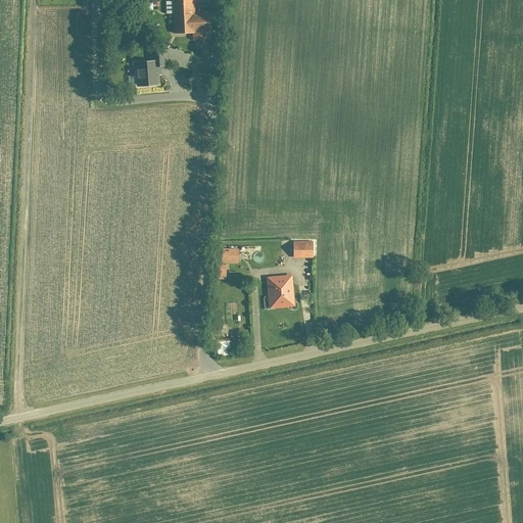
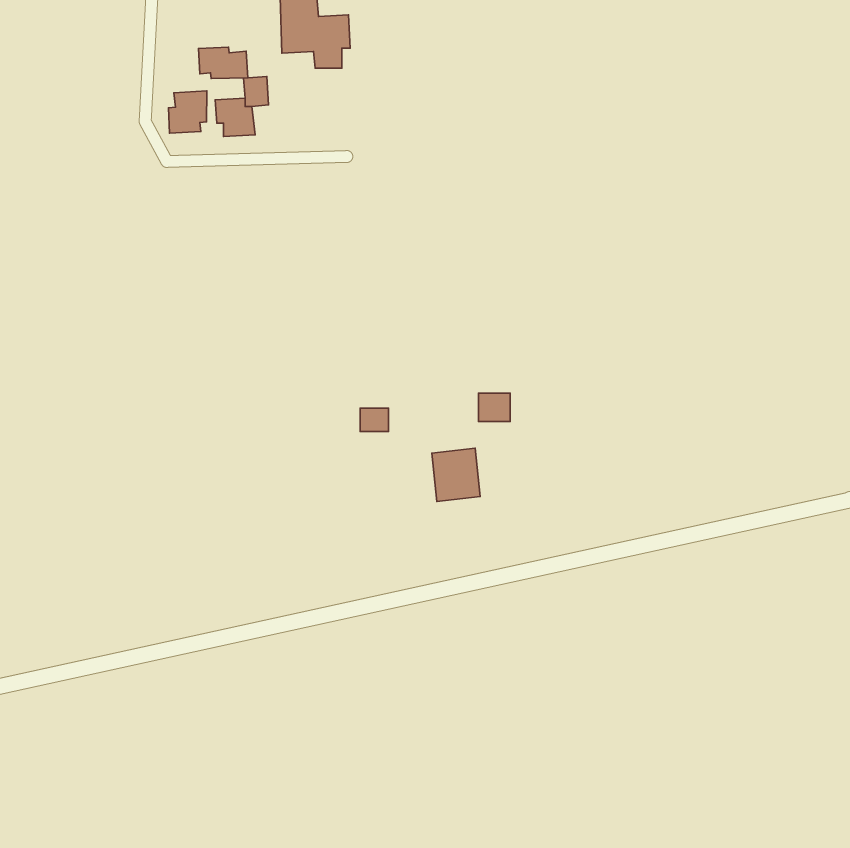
building: none -> [199,47,248,79]
building: none -> [169,91,207,133]

